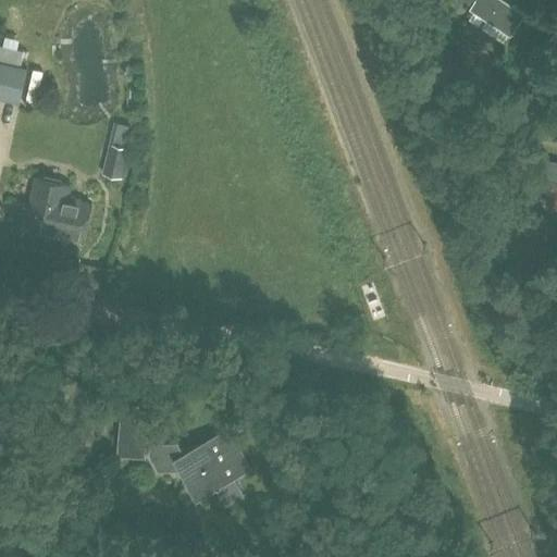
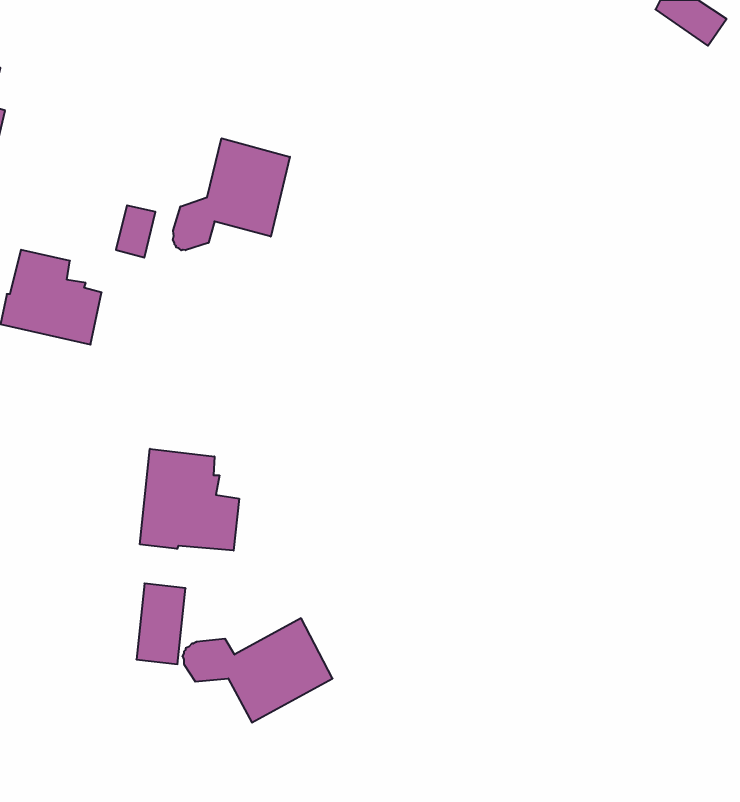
building: none -> [173,138,290,250]
building: none -> [140,449,239,551]

